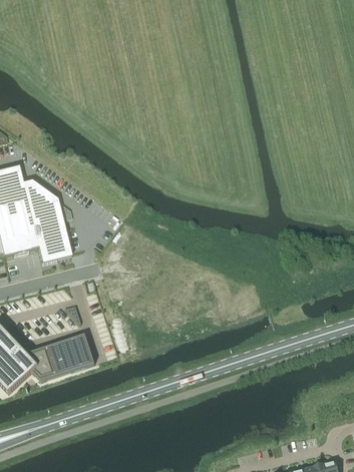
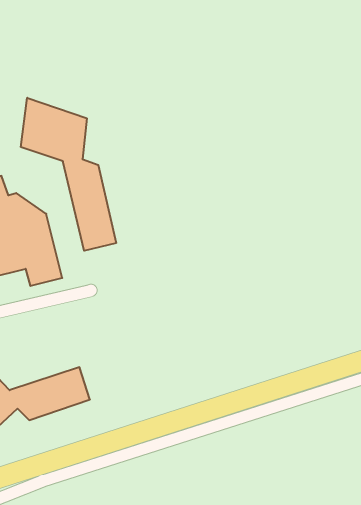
building: none -> [21,98,116,251]

